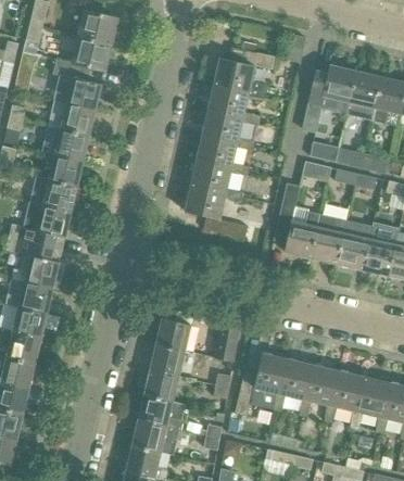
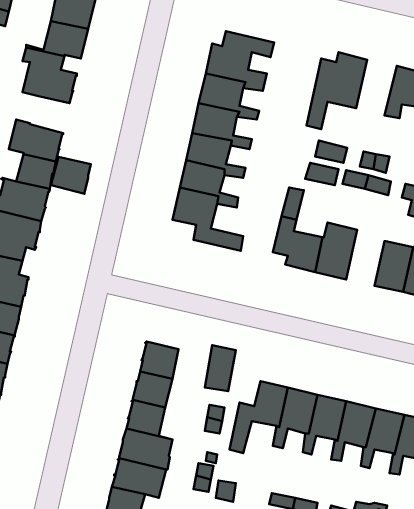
building: [345,72,381,121] -> none
building: [60,103,94,136] -> [51,157,91,194]
building: [337,220,373,269] -> none

